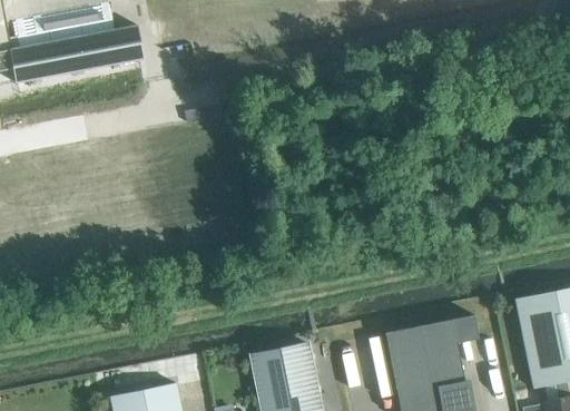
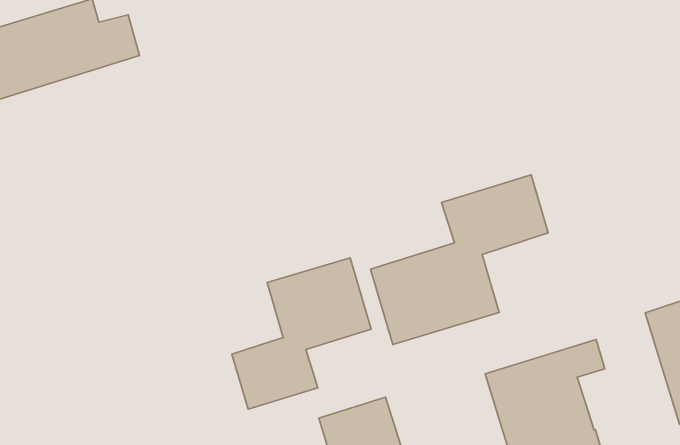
building: none -> [370,175,548,345]
building: none -> [232,258,371,409]

